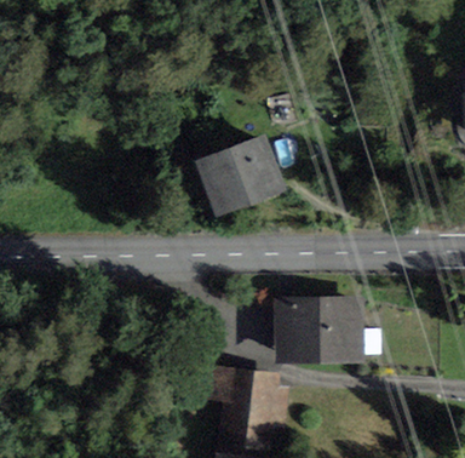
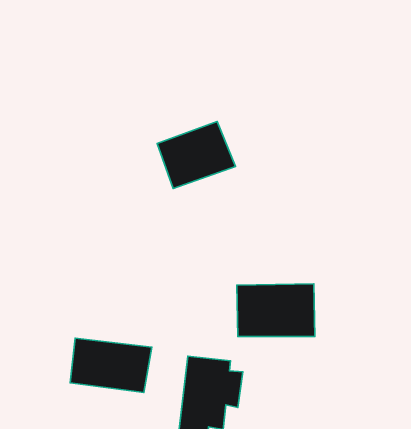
building: none -> [70,338,152,392]

